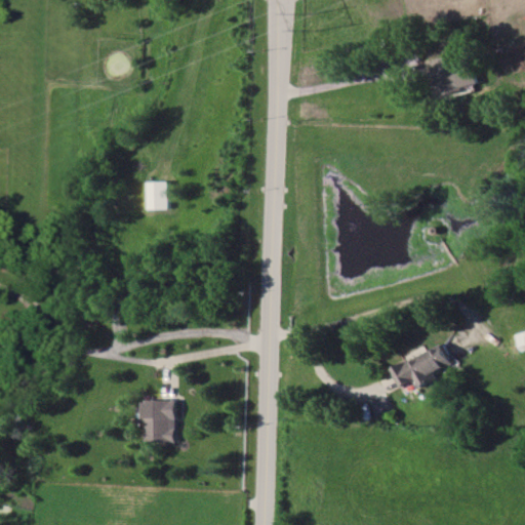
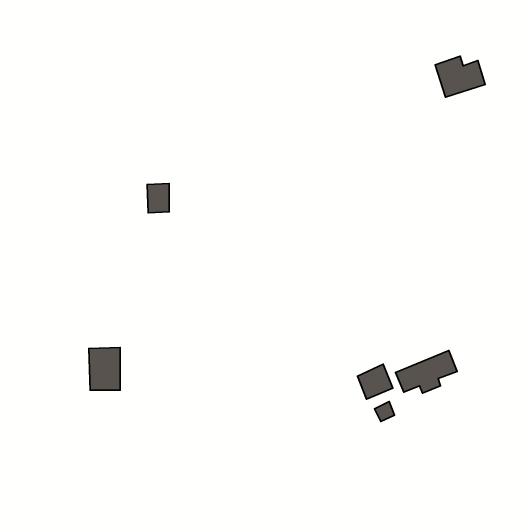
building: none -> [357,364,393,399]
building: [144,400,174,442] -> [89,347,120,390]

